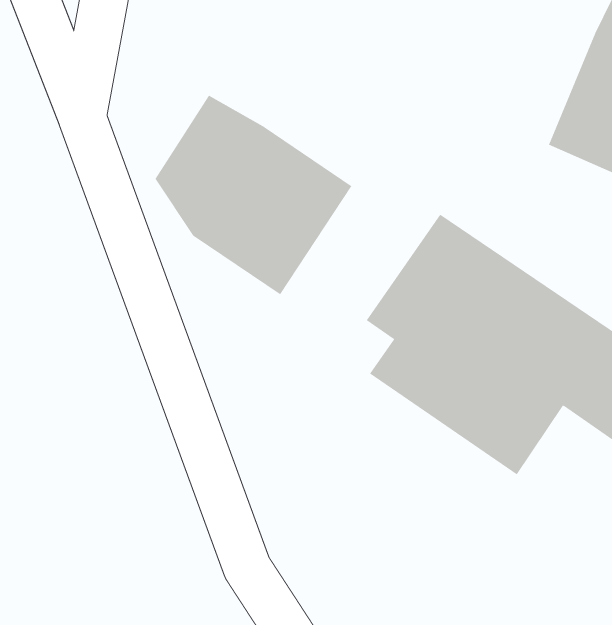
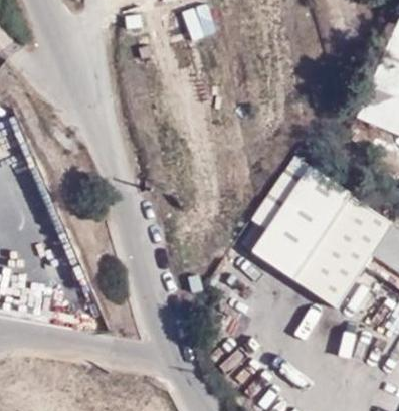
building: [155,95,352,295] -> none

